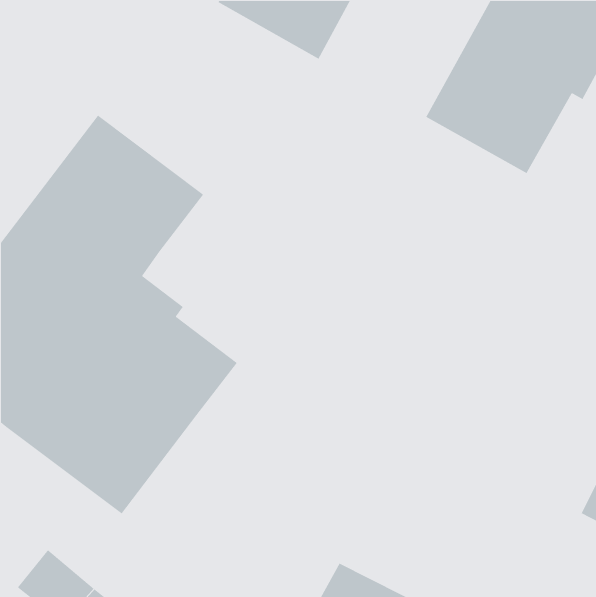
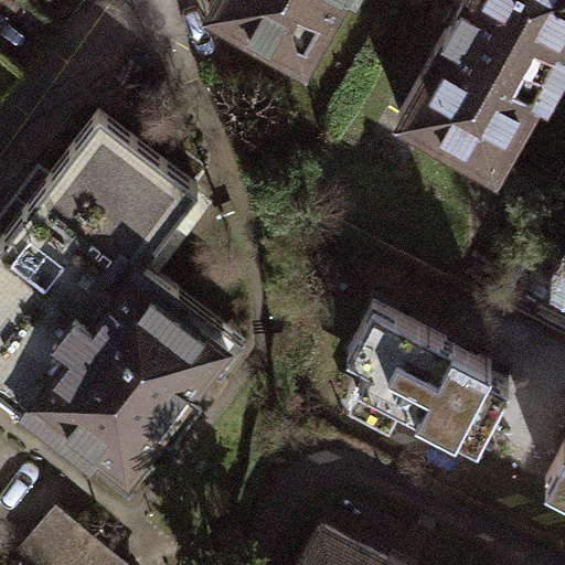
building: none -> [352,309,513,451]

